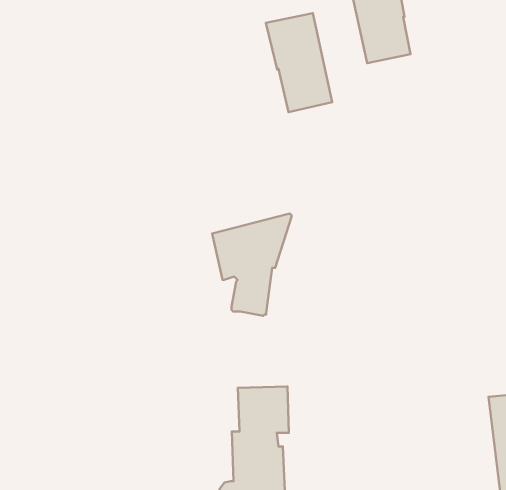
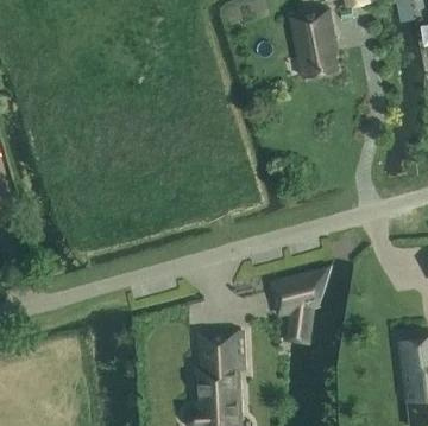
building: [266,13,332,112] -> none
building: [212,214,292,316] -> [268,265,331,345]

